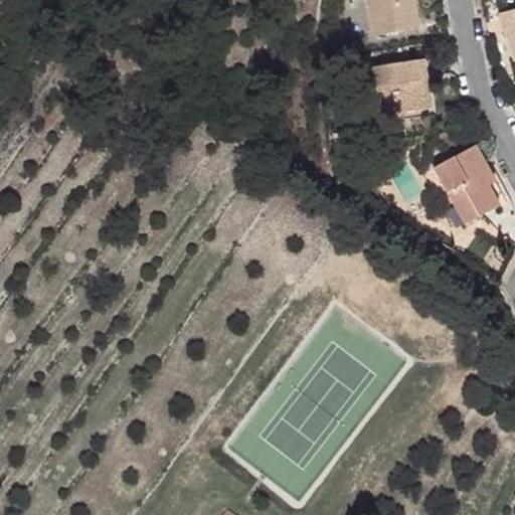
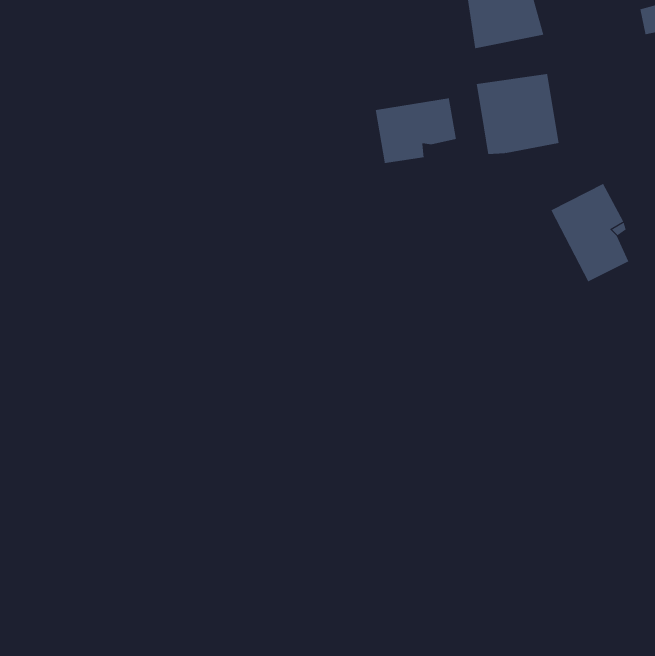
building: none -> [375,98,457,164]

